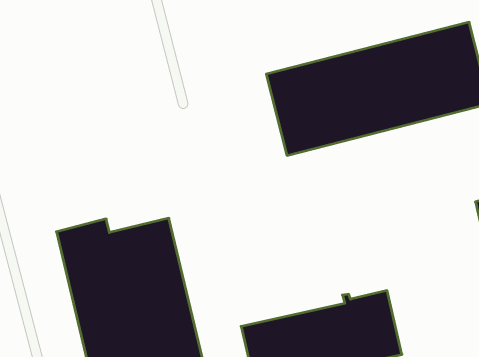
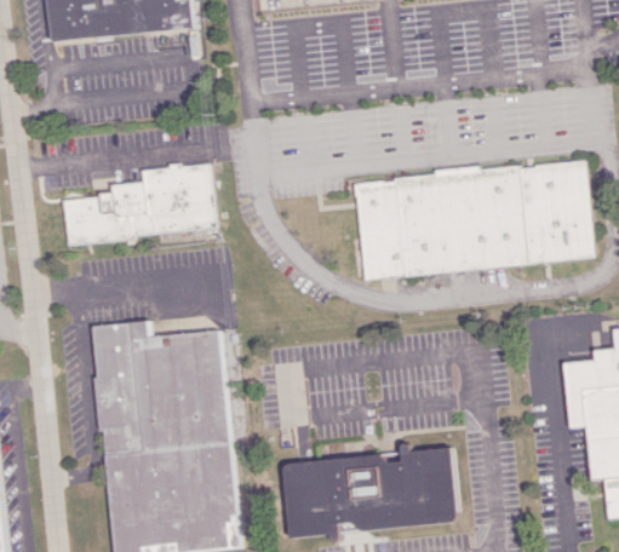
building: none -> [65,163,216,245]

